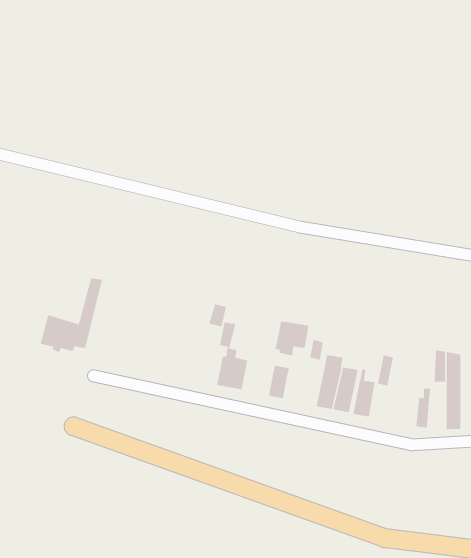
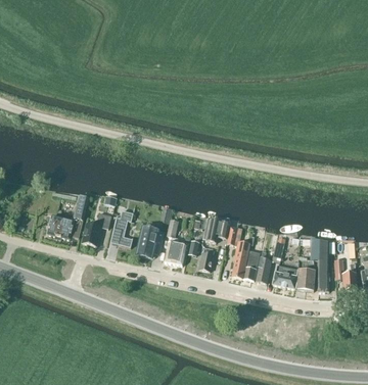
building: none -> [110,209,133,247]
building: none -> [82,212,111,245]
building: none -> [137,228,163,256]
building: none -> [273,264,297,289]

